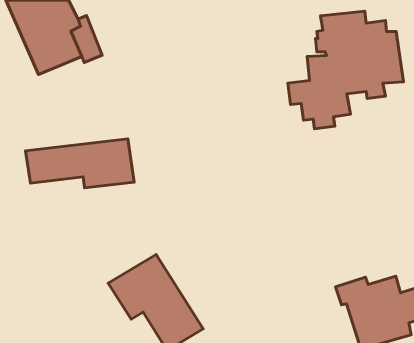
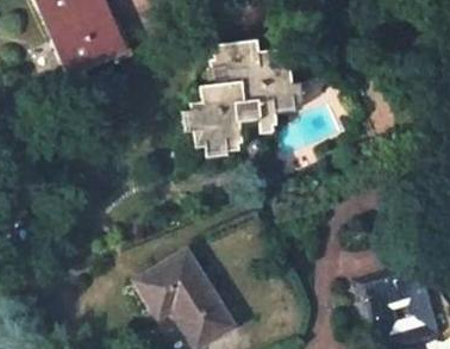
building: [288,11,403,129] -> [181,39,295,156]
building: [25,139,134,188] -> none

